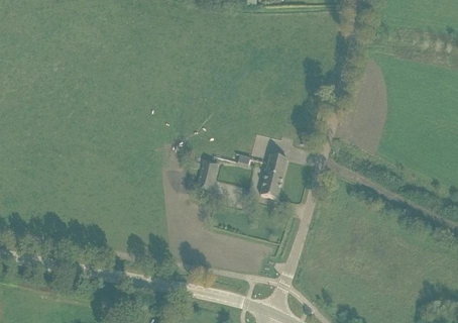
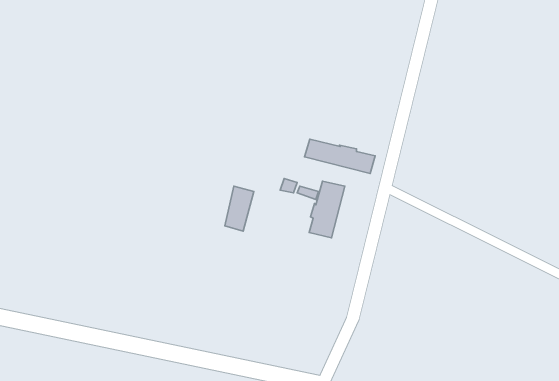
building: none -> [305,139,375,174]

